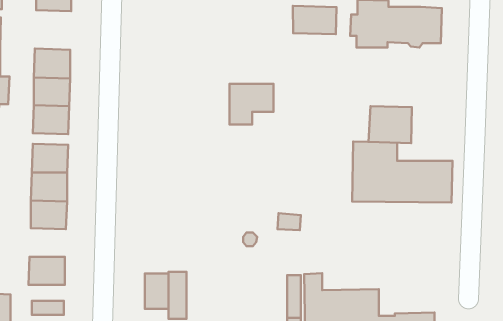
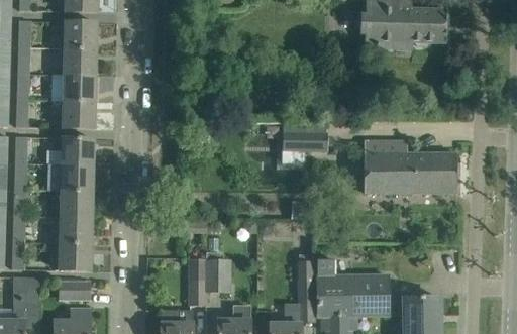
building: [293,6,337,34] -> none
building: none -> [63,21,97,48]
building: [230,84,273,125] -> [284,123,325,161]
building: [368,106,412,143] -> none
building: none -> [58,217,92,244]
building: [145,274,168,309] -> [206,258,228,292]

